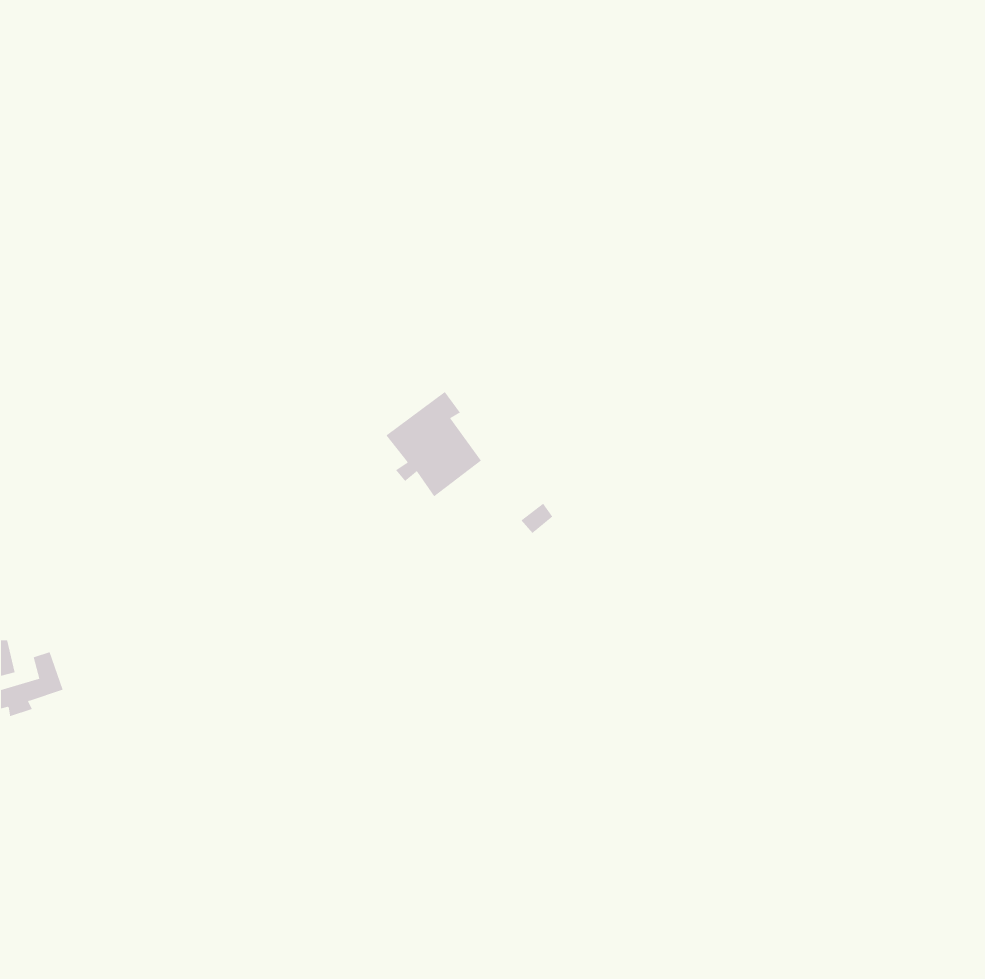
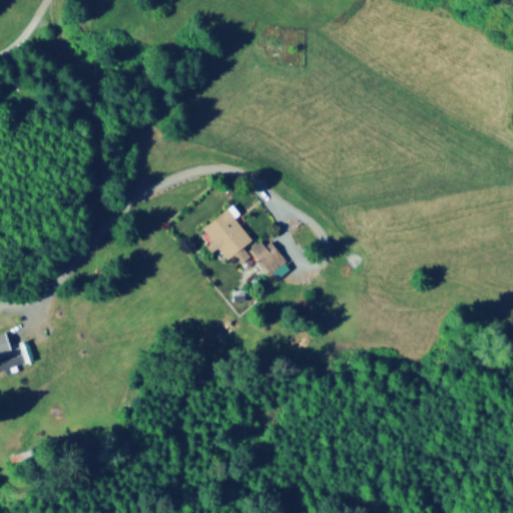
building: none -> [248,242,283,274]

